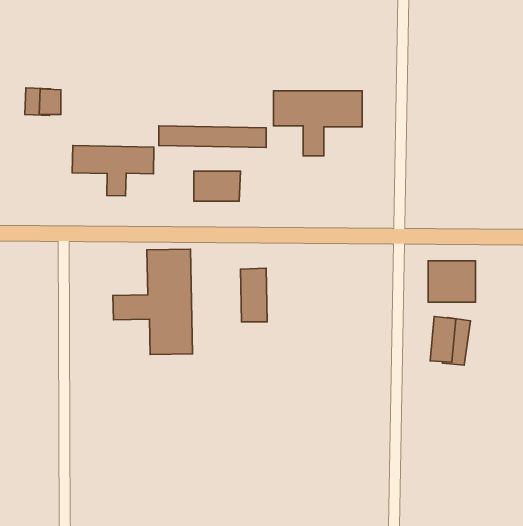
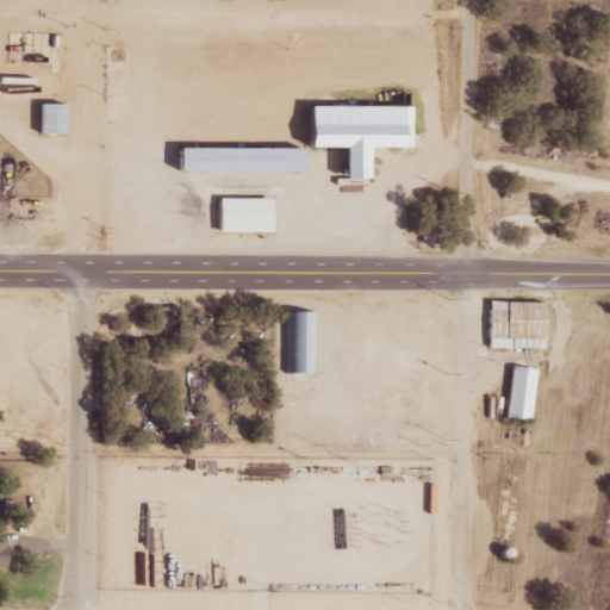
building: [72,145,154,196] -> none
building: [113,249,193,355] -> none

